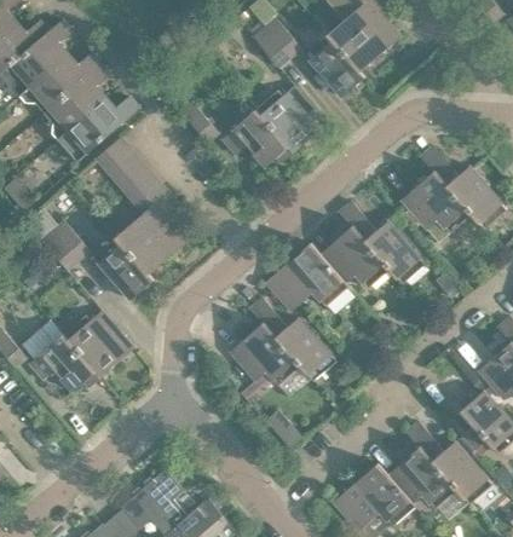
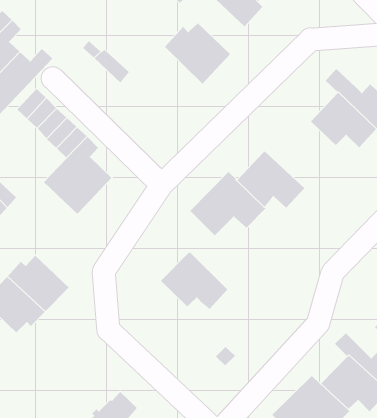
building: [224,106,293,163] -> none
building: [339,202,425,283] -> none
building: [93,236,154,298] -> none
building: [248,296,335,381] -> none

